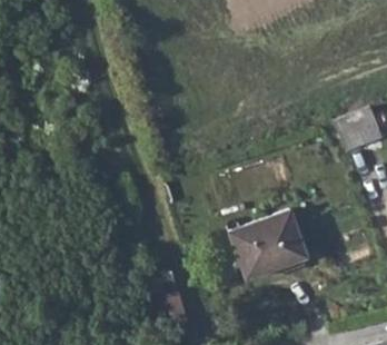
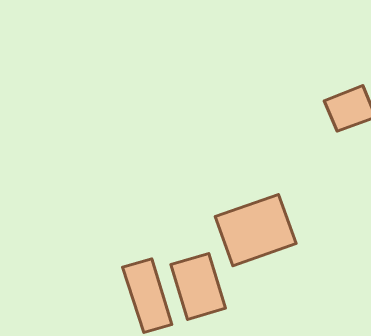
building: none -> [171,253,226,319]

